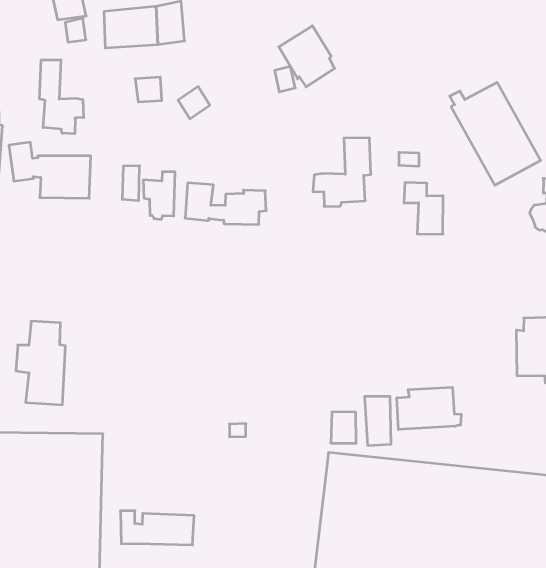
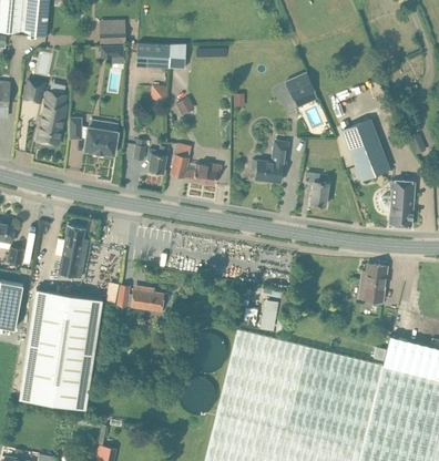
building: [279,26,335,87] -> [284,72,316,109]
building: [40,60,84,134] -> none
building: [397,387,461,430] -> none
building: [120,511,194,545] -> [118,286,164,313]

